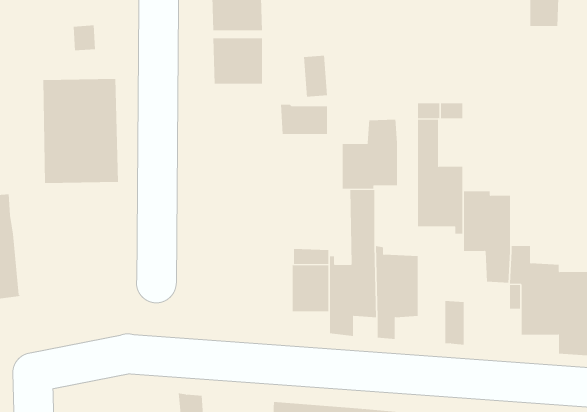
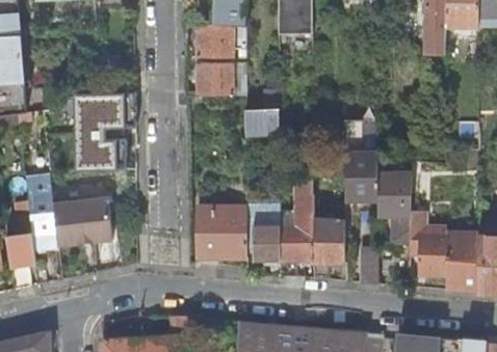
building: [342,119,398,189] -> none
building: none -> [53,194,112,245]
building: none -> [198,206,247,263]

